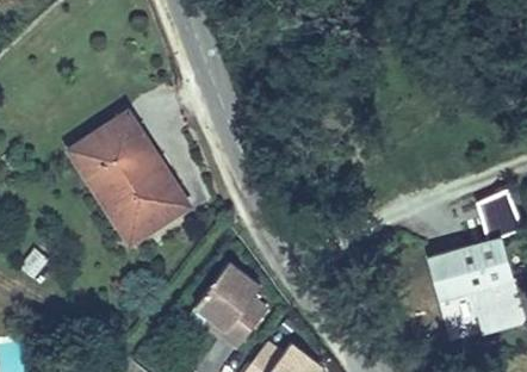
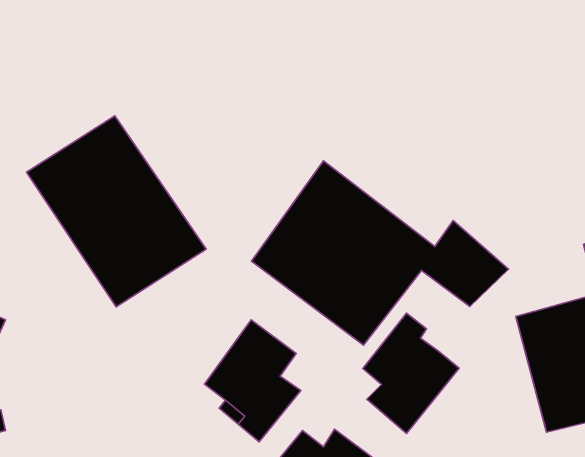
building: none -> [252,161,509,345]
building: none -> [363,313,459,434]

